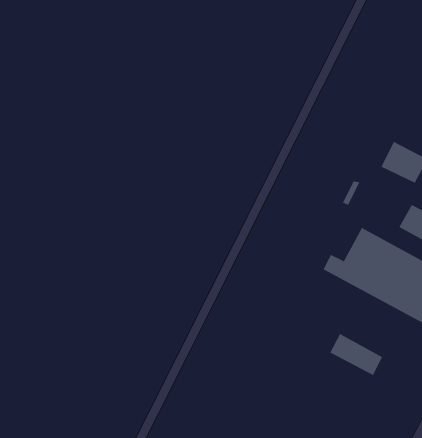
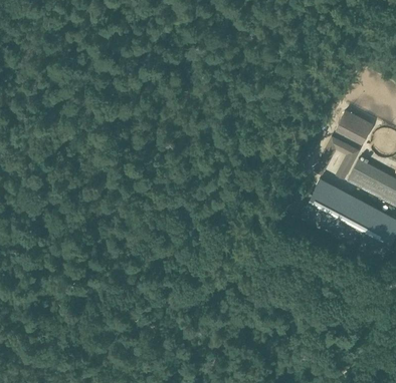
building: none -> [314,137,360,181]
building: [329,333,383,376] -> none

